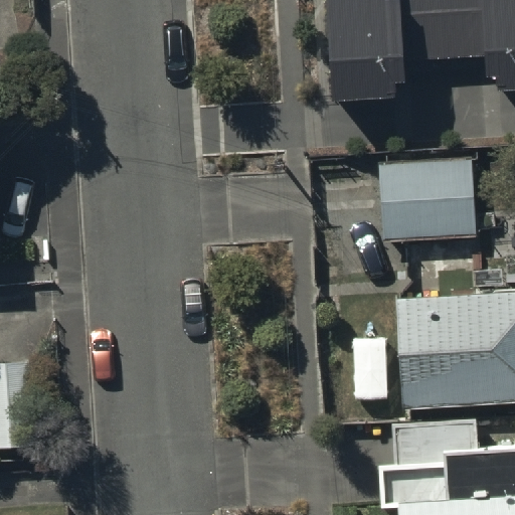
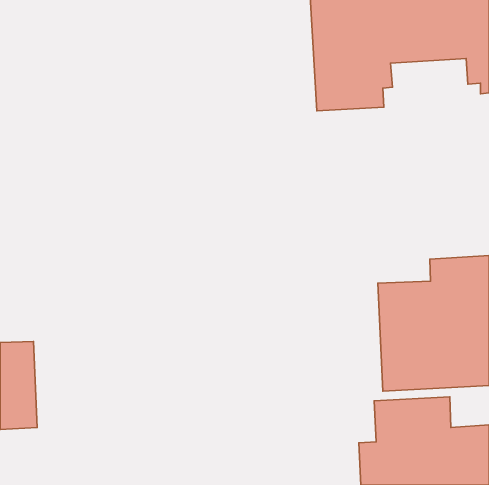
building: [378,159,481,242] -> none

